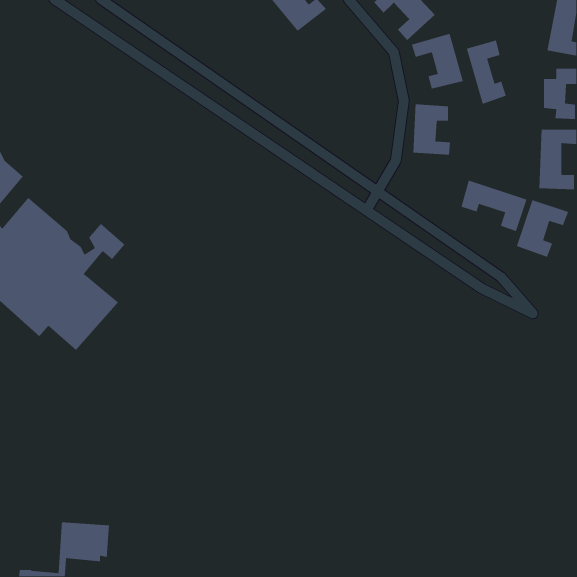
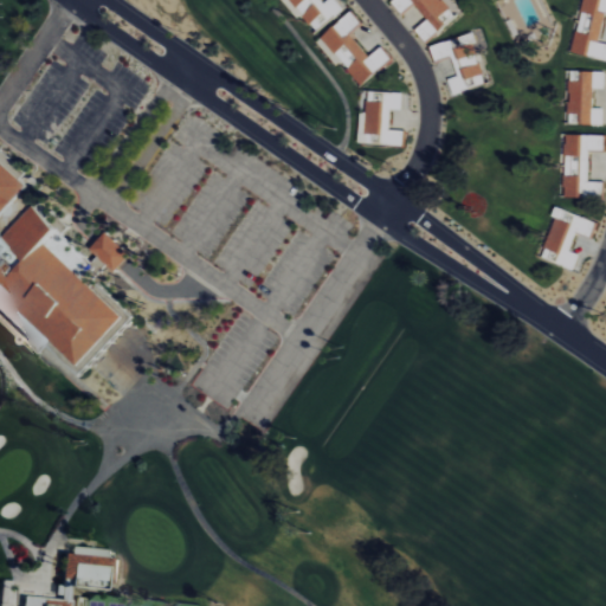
building: none -> [315,12,391,85]
building: [466,39,507,105] -> none
building: [412,103,451,155] -> [363,91,404,146]
building: [461,180,528,232] -> none

